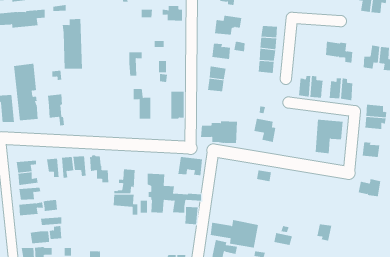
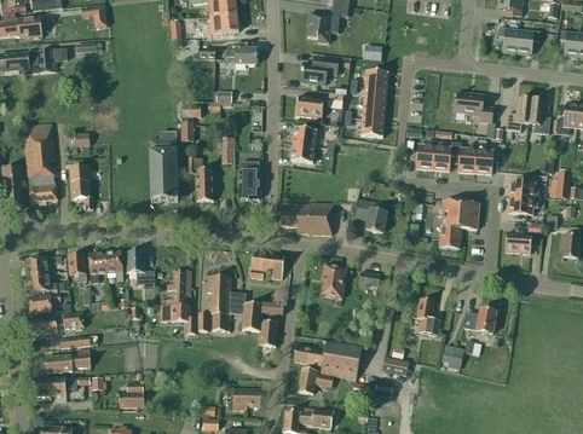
building: [62,18,83,69] -> [149,132,178,202]
building: none -> [319,265,346,299]
building: [358,179,381,197] -> [463,308,496,334]
building: none -> [417,299,439,336]

